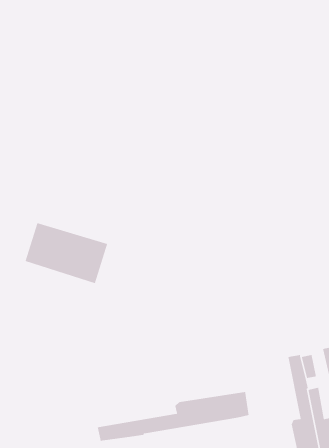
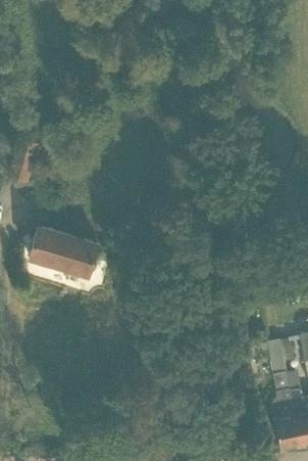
building: [97,391,250,442] -> none

